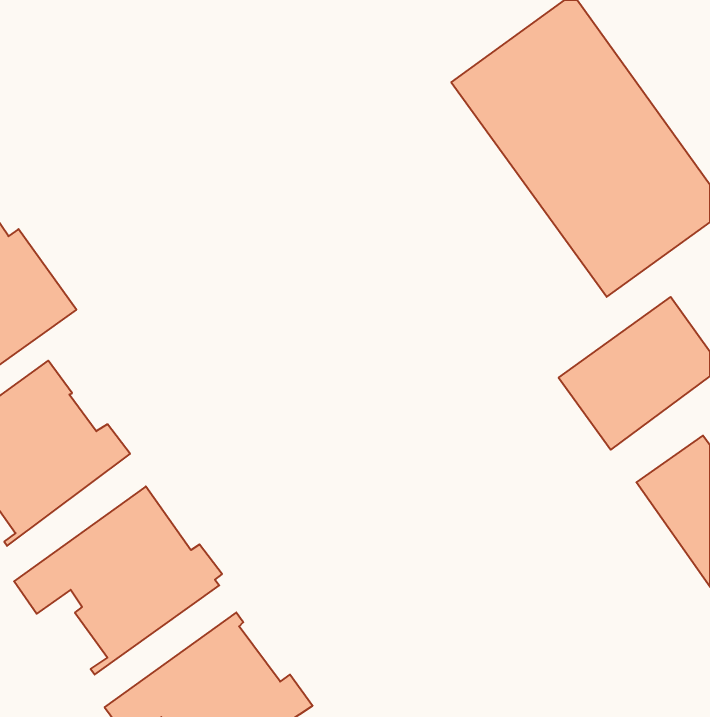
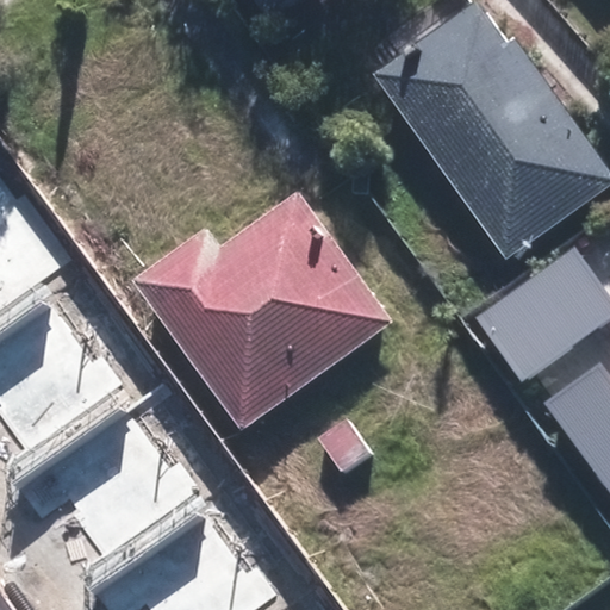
building: none -> [149,200,394,428]

